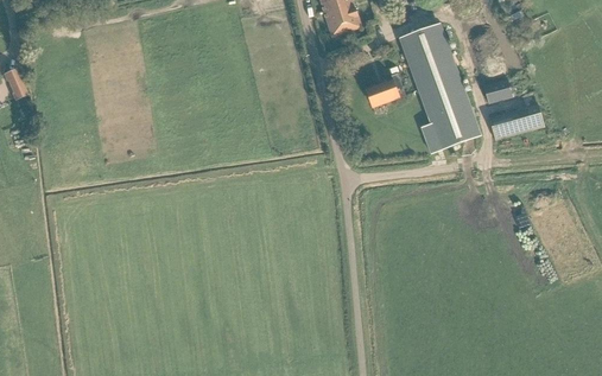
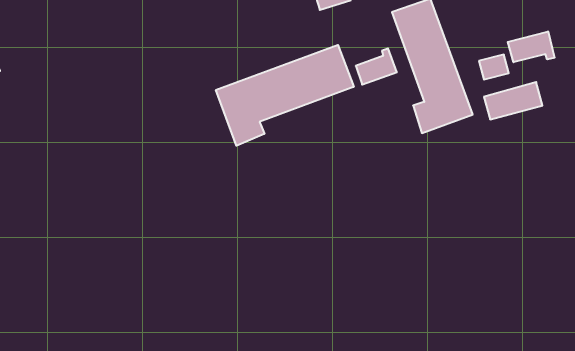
building: none -> [508,31,555,62]
building: none -> [216,45,354,146]

